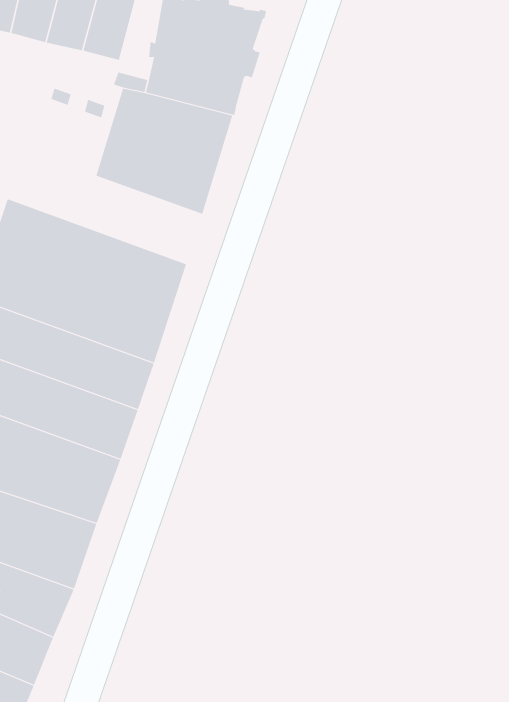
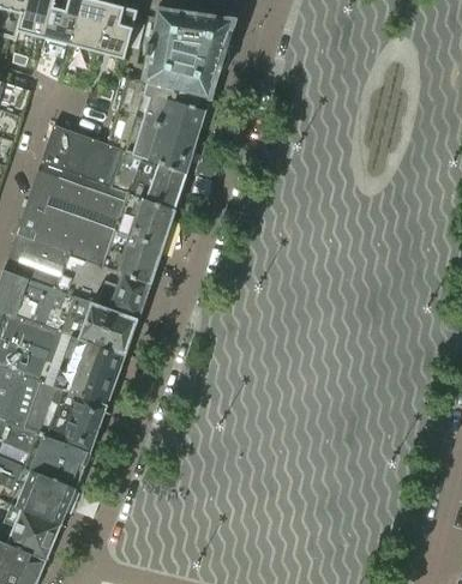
building: none -> [41,125,187,210]

